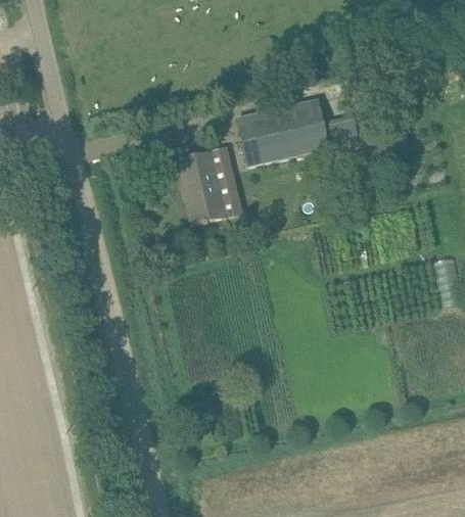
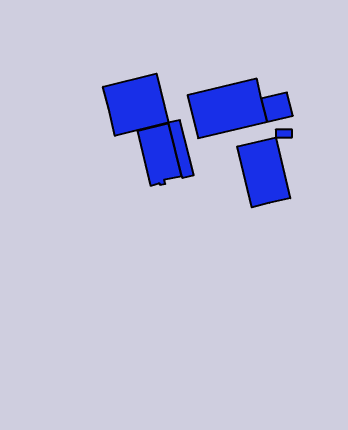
building: none -> [103,74,169,136]
building: none -> [237,137,290,207]

